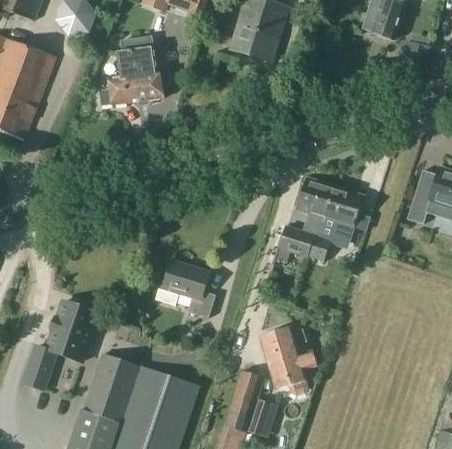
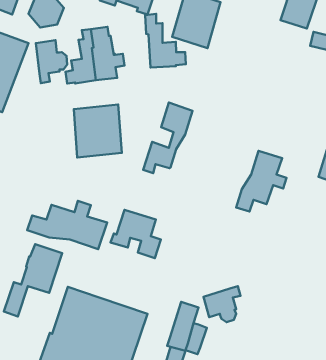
building: none -> [145,14,186,68]
building: none -> [36,40,67,83]
building: none -> [74,104,122,158]
building: [275,177,335,263] -> [143,103,193,173]
building: none -> [27,201,107,249]
building: [260,326,312,365] -> none

